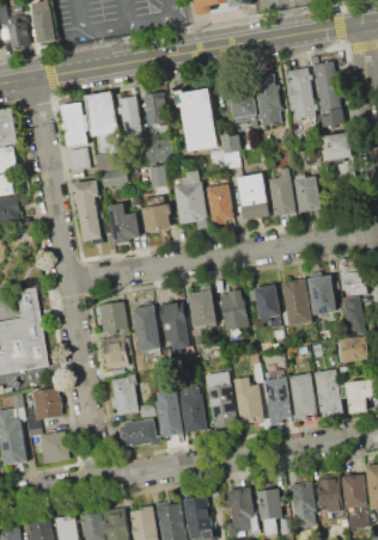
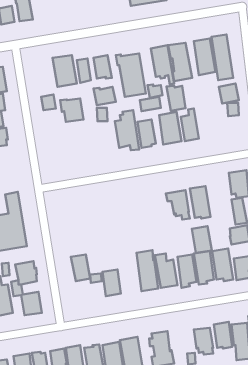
building: [61,103,89,146] -> none
building: [293,174,321,210] -> [167,86,186,111]
building: [73,179,103,240] -> none
building: [109,202,141,244] -> none
building: [142,203,171,231] -> none
building: [309,275,337,313] -> [192,226,212,253]
building: [222,288,251,330] -> none
building: [189,289,218,326] -> none
building: [98,300,128,331] -> none
building: [161,302,190,348] -> none
building: [133,306,159,350] -> none
building: [103,336,129,368] -> none
building: [178,382,207,431] -> none
building: [120,418,157,444] -> none
building: [256,487,281,520] -> none

